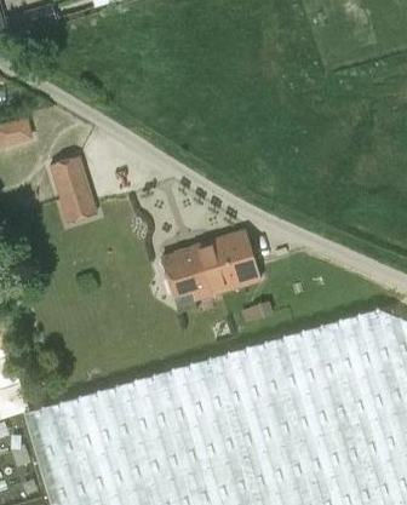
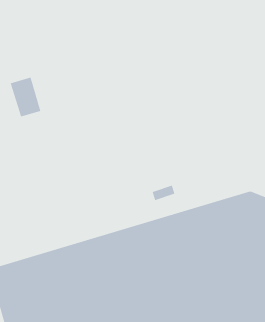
building: [160,230,259,300] -> none

